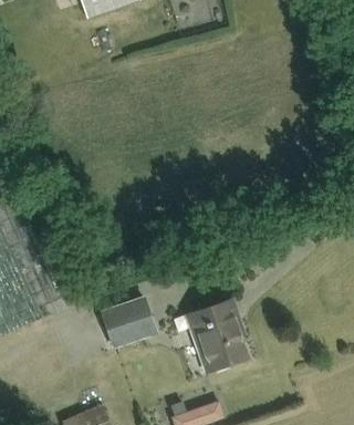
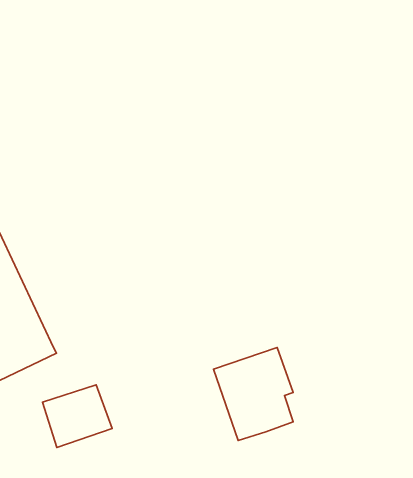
building: [101,299,154,346] -> [42,385,112,447]

